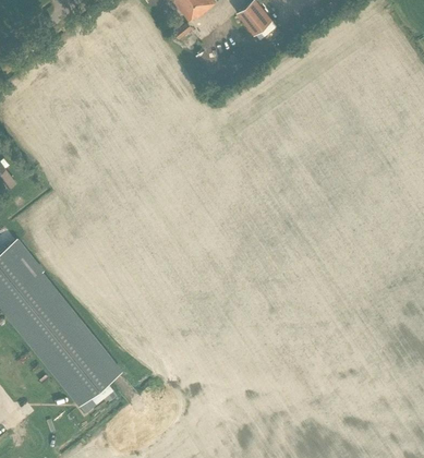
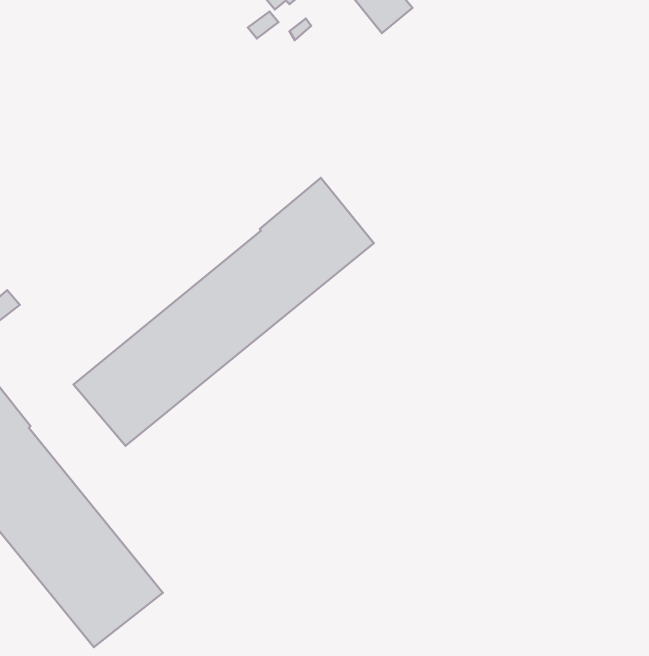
building: none -> [73,178,374,446]

